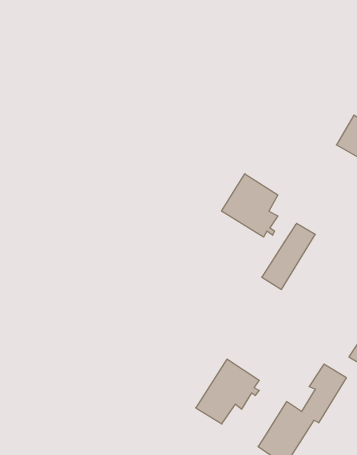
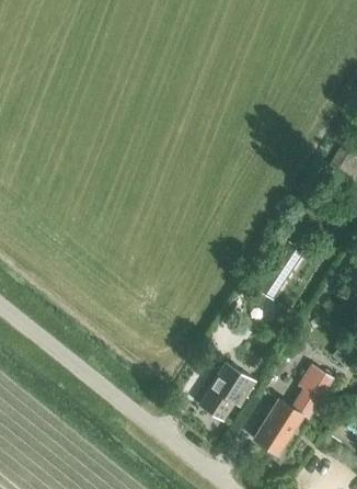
building: [222,174,278,237] -> none

